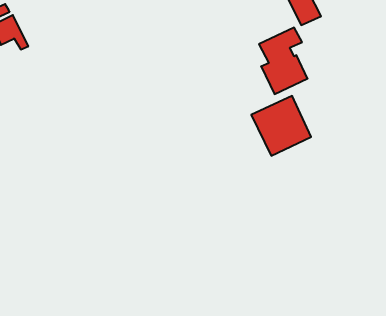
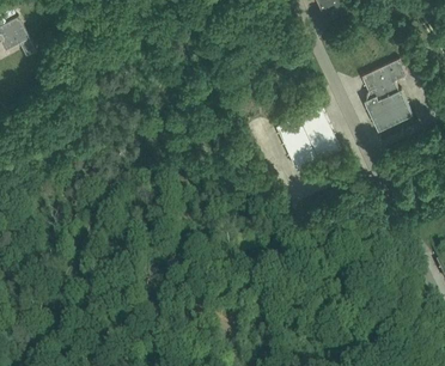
building: [259,28,308,94] -> [360,60,413,132]

